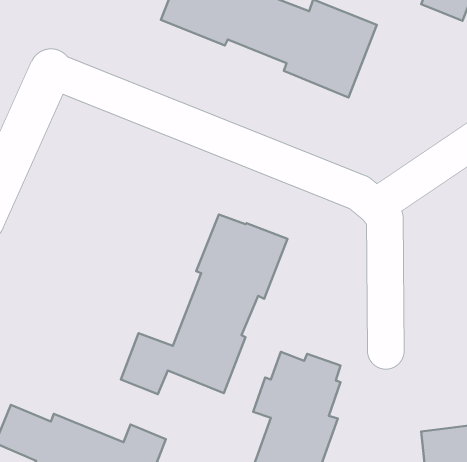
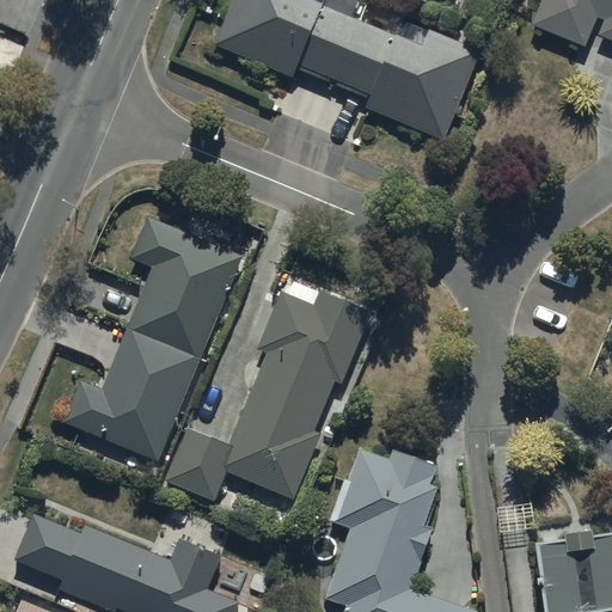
building: none -> [65,218,241,459]

